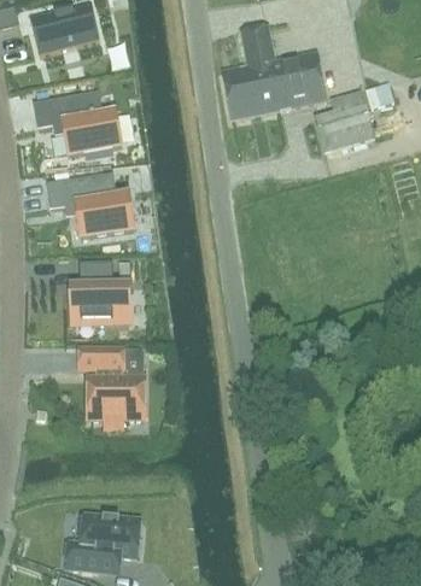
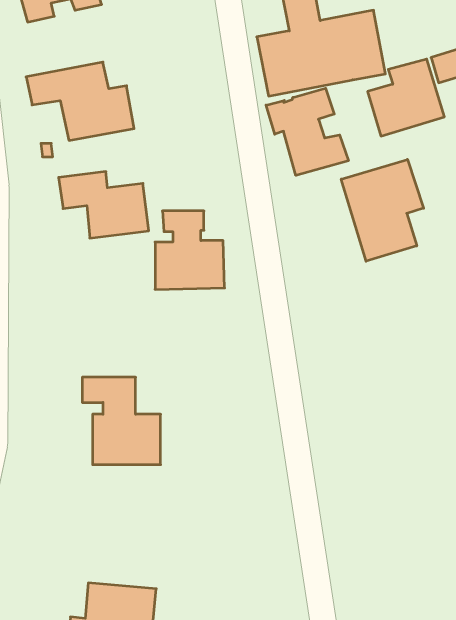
building: none -> [266,88,348,175]
building: none -> [341,159,424,261]
building: [72,260,129,324] -> [155,211,225,289]

